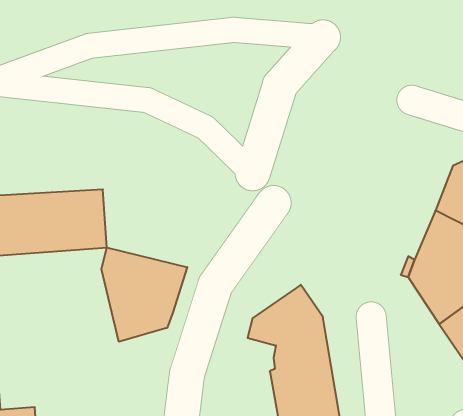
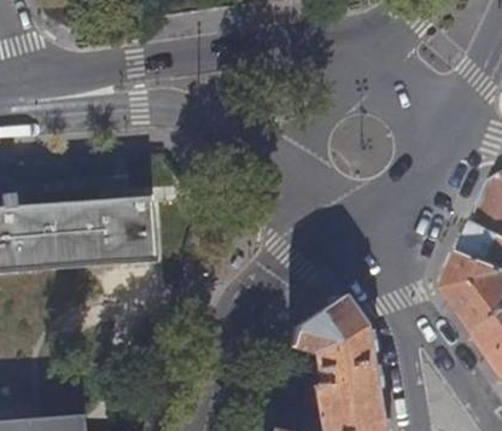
building: [101,248,187,342] -> none

